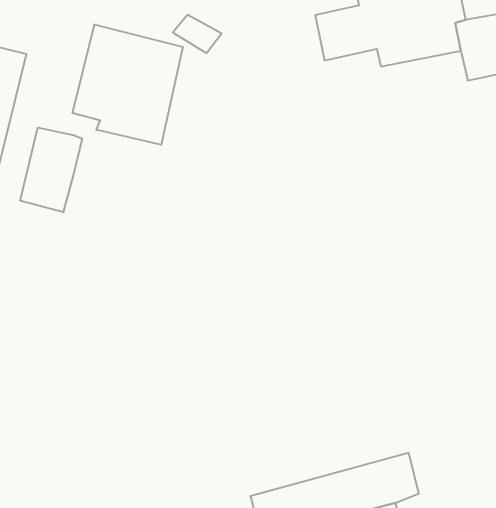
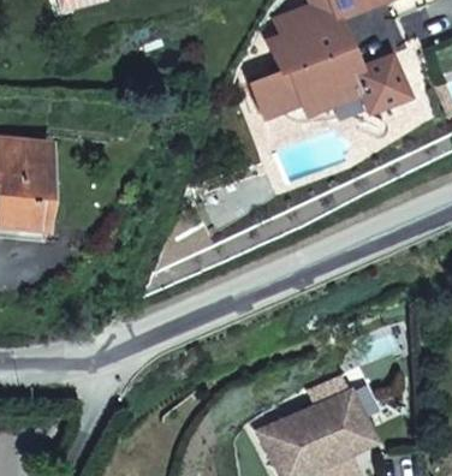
building: [72,24,183,145] -> none
building: [20,128,82,212] -> none

